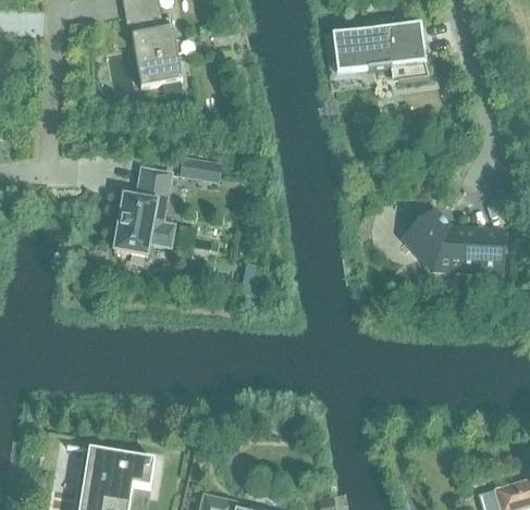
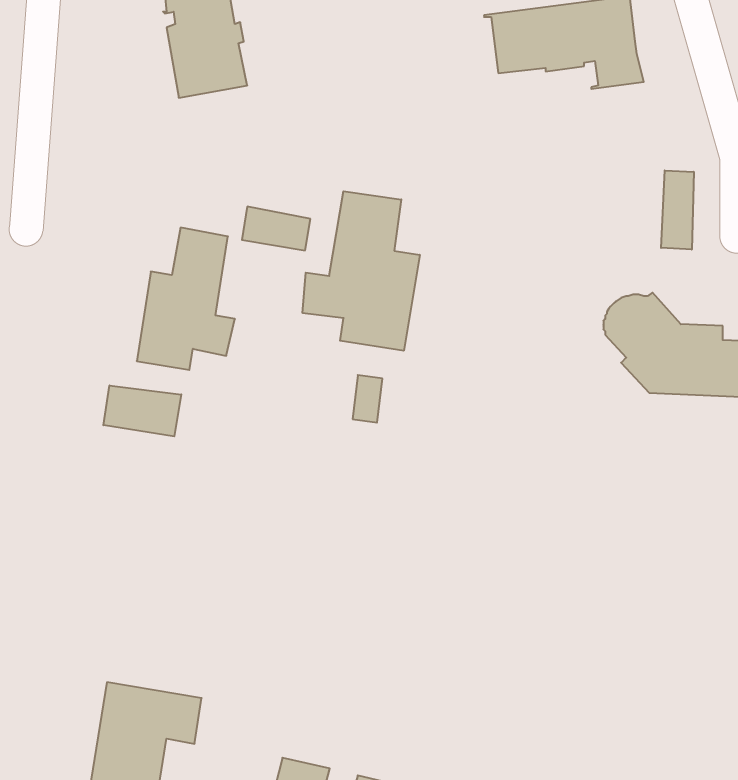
building: none -> [661,170,694,250]
building: none -> [303,191,420,351]
building: none -> [103,385,181,436]

